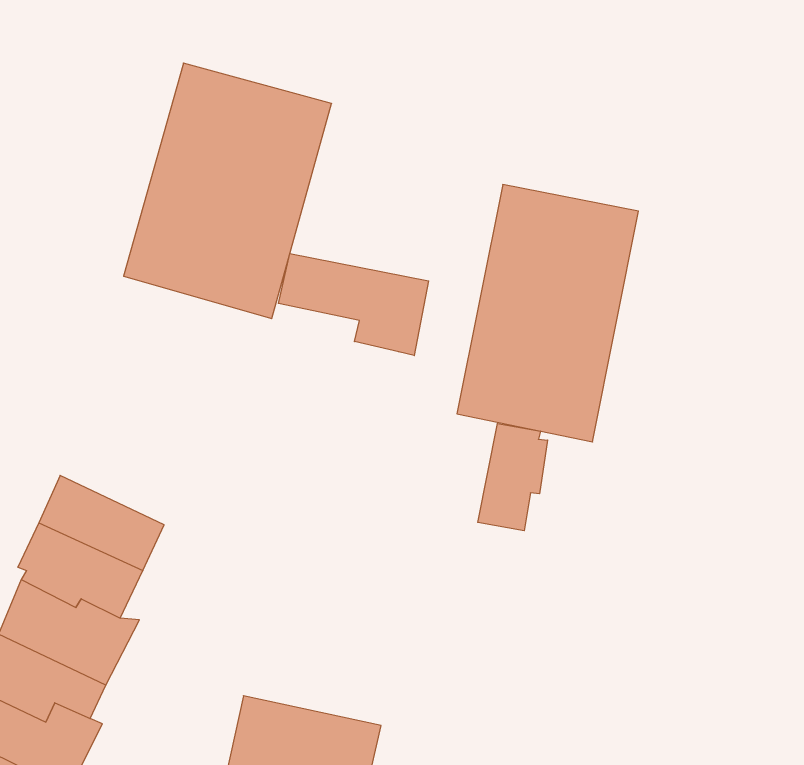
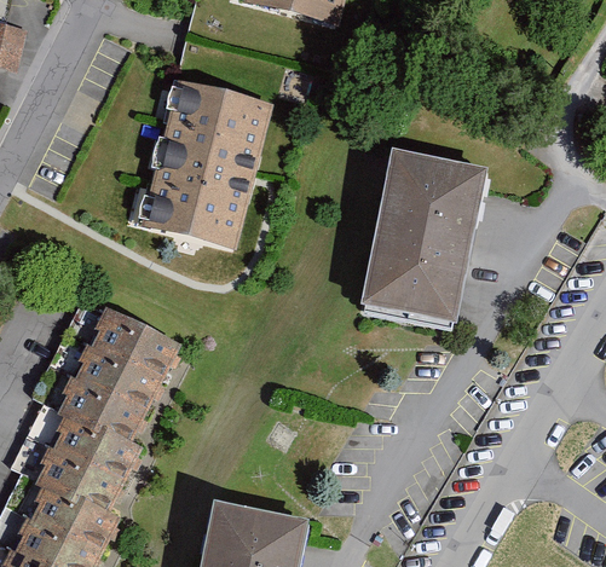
building: [278,253,429,356] -> none
building: none -> [87,313,178,386]
building: [478,423,548,531] -> none

